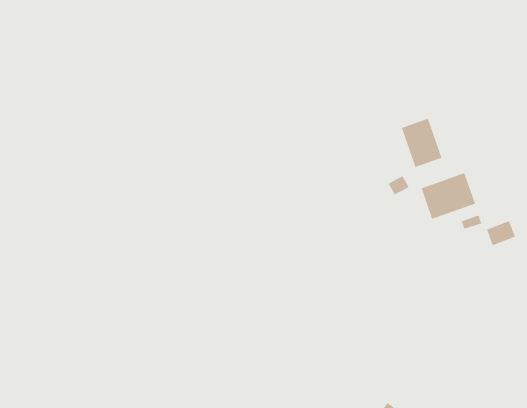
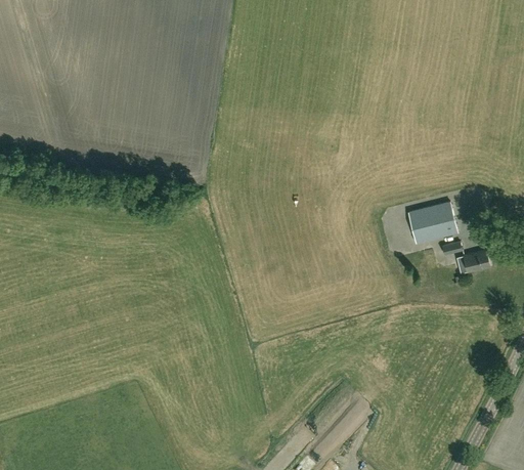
building: [401,118,442,168] -> none

